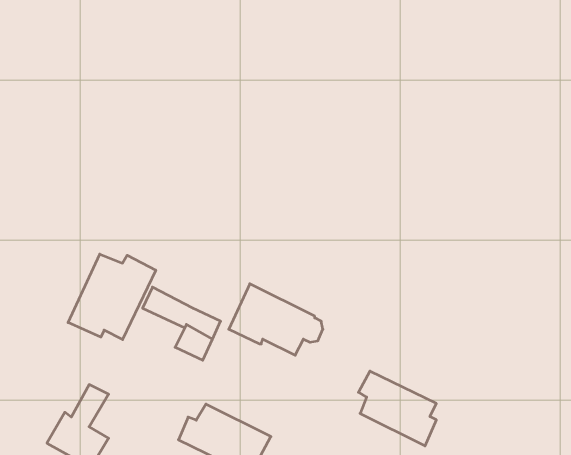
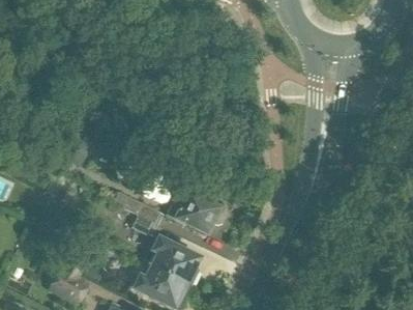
building: [68,254,156,340] -> none
building: [358,371,436,446] -> [148,236,198,284]

